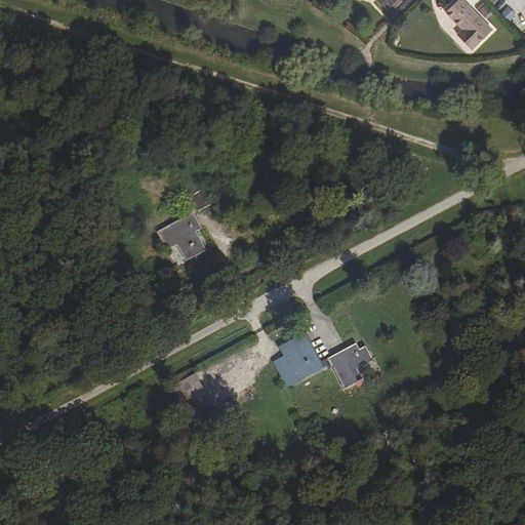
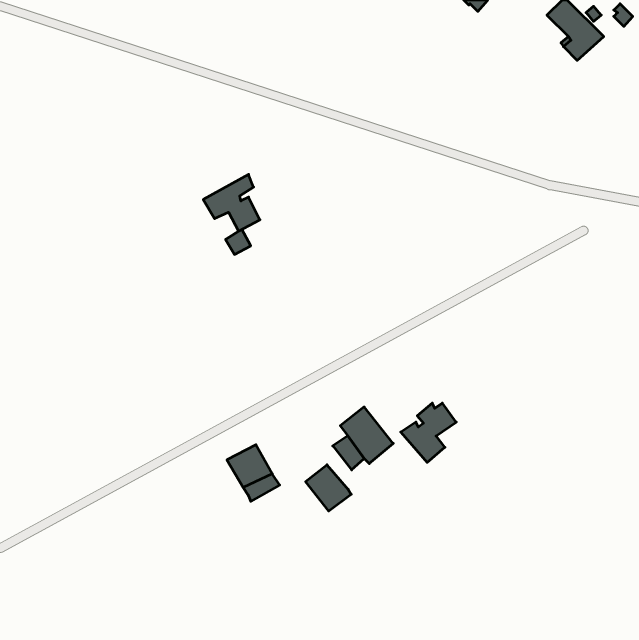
building: [153,213,199,259] -> [203,174,260,231]
building: none -> [306,465,351,511]

